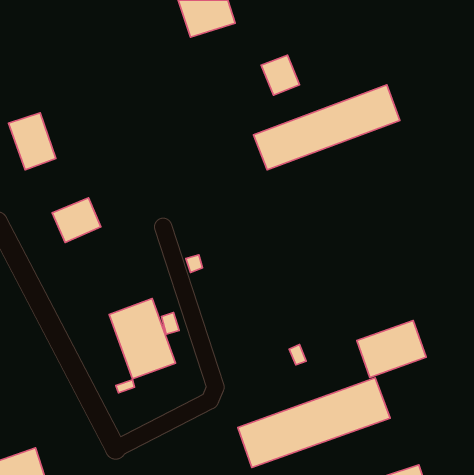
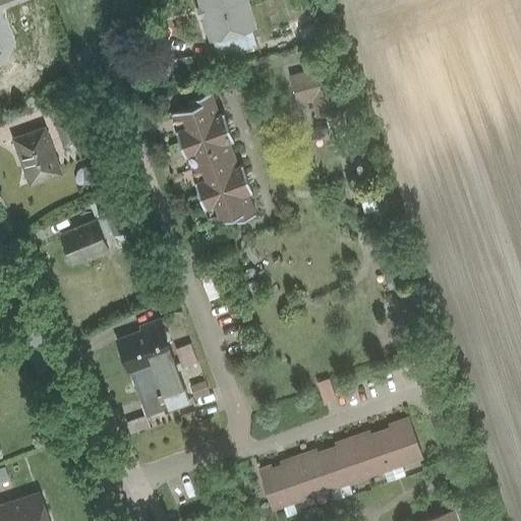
building: none -> [171,93,255,224]
building: [254,85,400,170] -> none
building: [357,320,426,377] -> none

